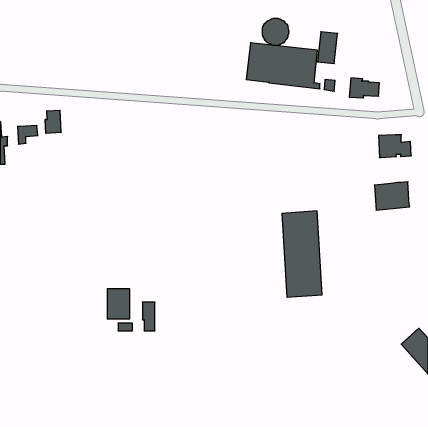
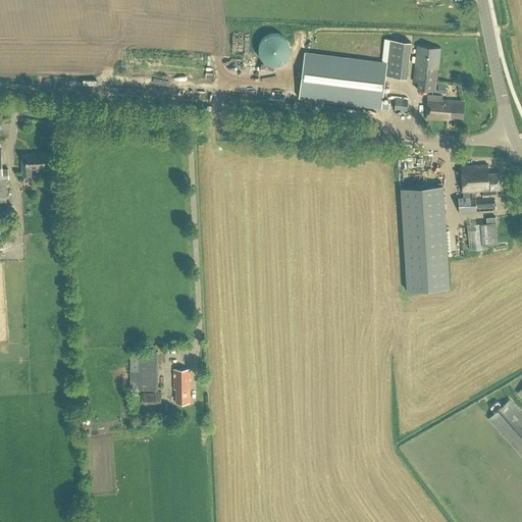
building: [262,18,289,45] -> [258,34,291,66]
building: none -> [413,46,441,92]
building: [45,110,61,133] -> none
building: [282,211,322,297] -> [400,186,449,291]

